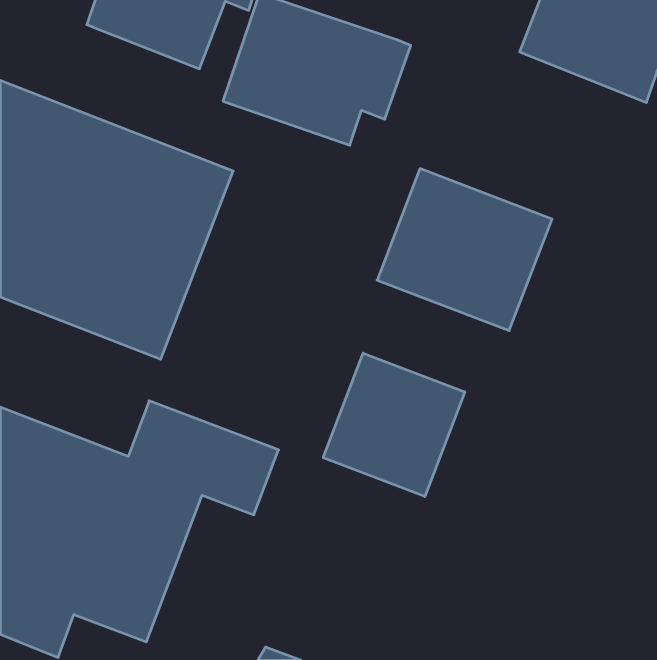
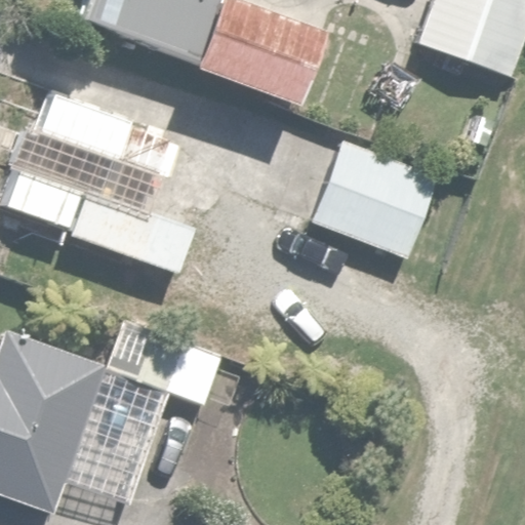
building: [323,353,465,497] -> none

